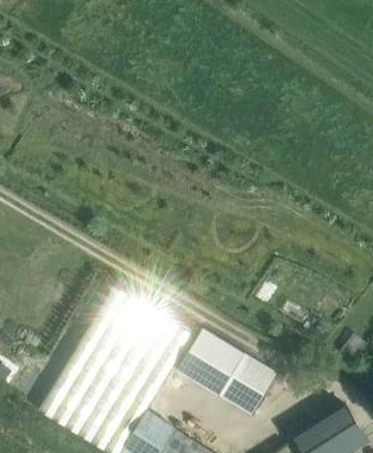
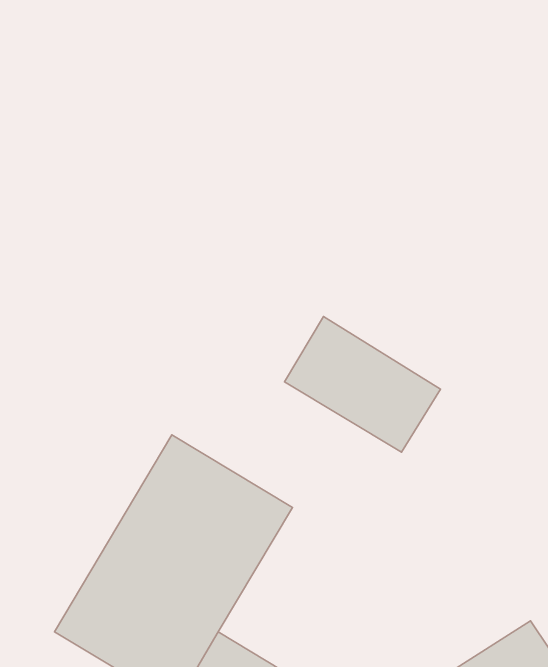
building: [178,328,278,415] -> [284,317,441,452]

